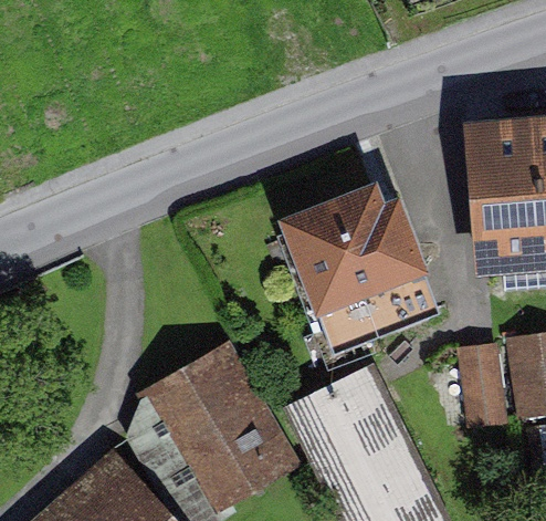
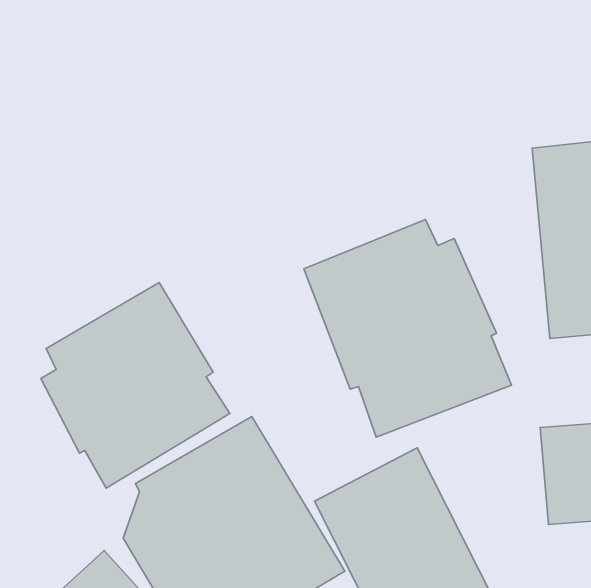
building: none -> [41,282,230,488]

